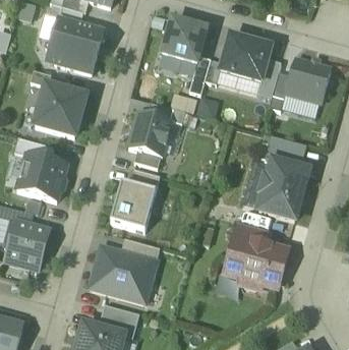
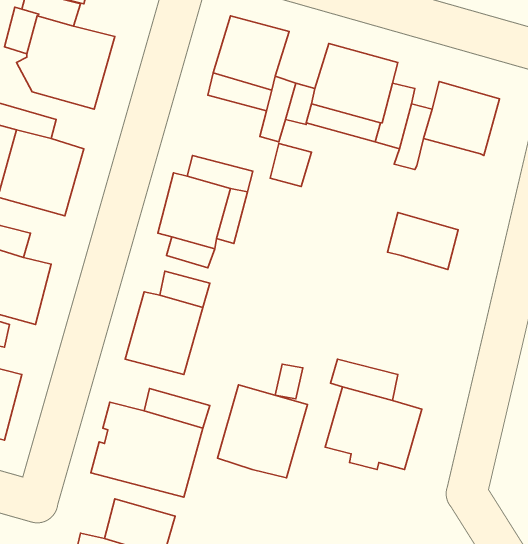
building: [281,92,318,117] -> none
building: [255,161,307,221] -> none
building: none -> [217,385,307,478]

